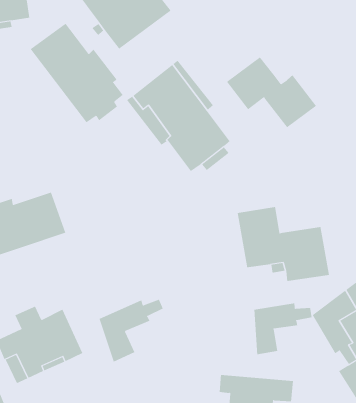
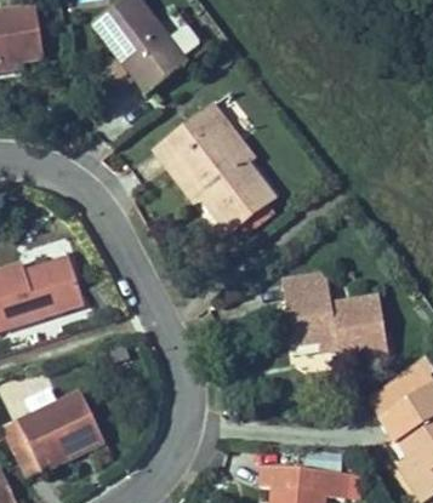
building: [30,23,124,123] -> none
building: [226,57,317,128] -> none
building: [99,299,164,363] -> none
building: [254,303,312,355] -> none

